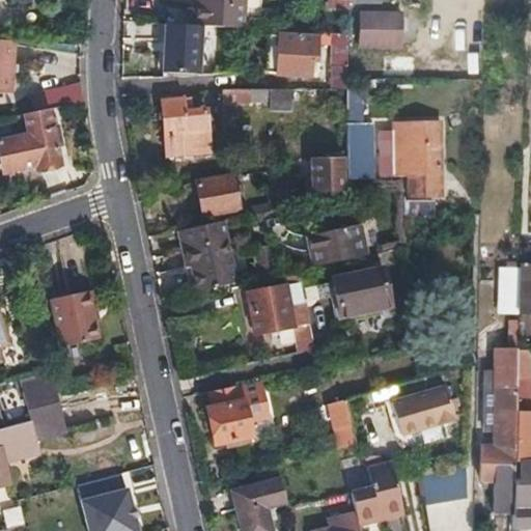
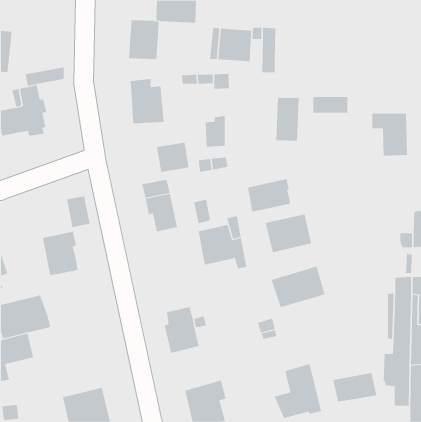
building: [359,17,401,54] -> none
building: [394,142,440,196] -> [371,113,408,156]
building: [315,153,341,193] -> [205,116,226,147]
building: none -> [67,195,90,228]
building: [386,385,454,438] -> [271,266,326,308]

